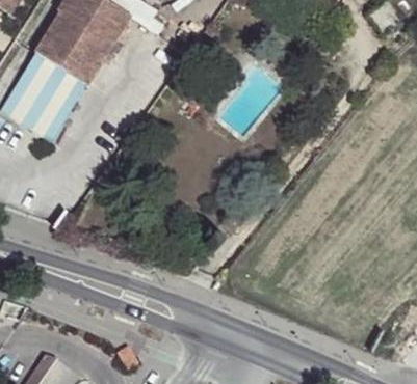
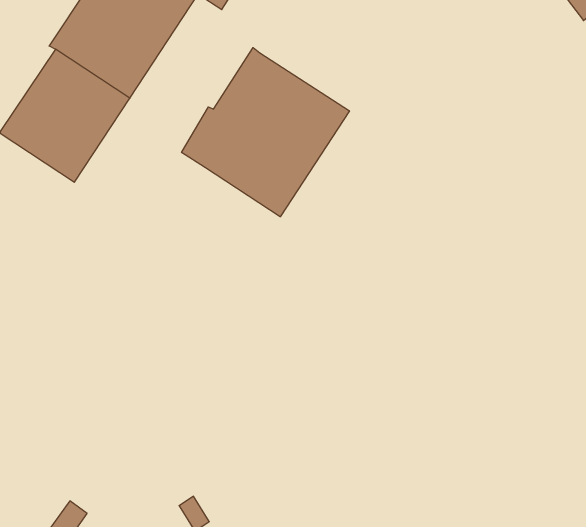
building: none -> [182,48,349,217]

